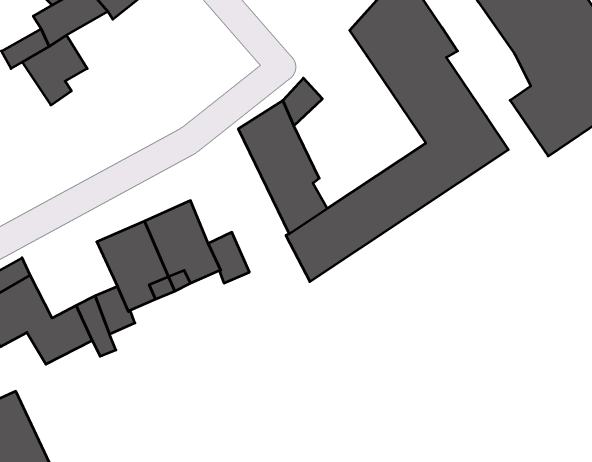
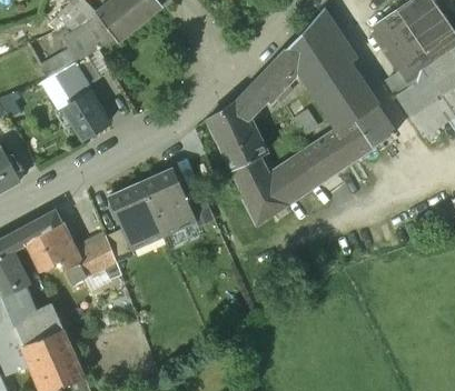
building: none -> [251,50,296,98]
building: none -> [56,92,108,139]

